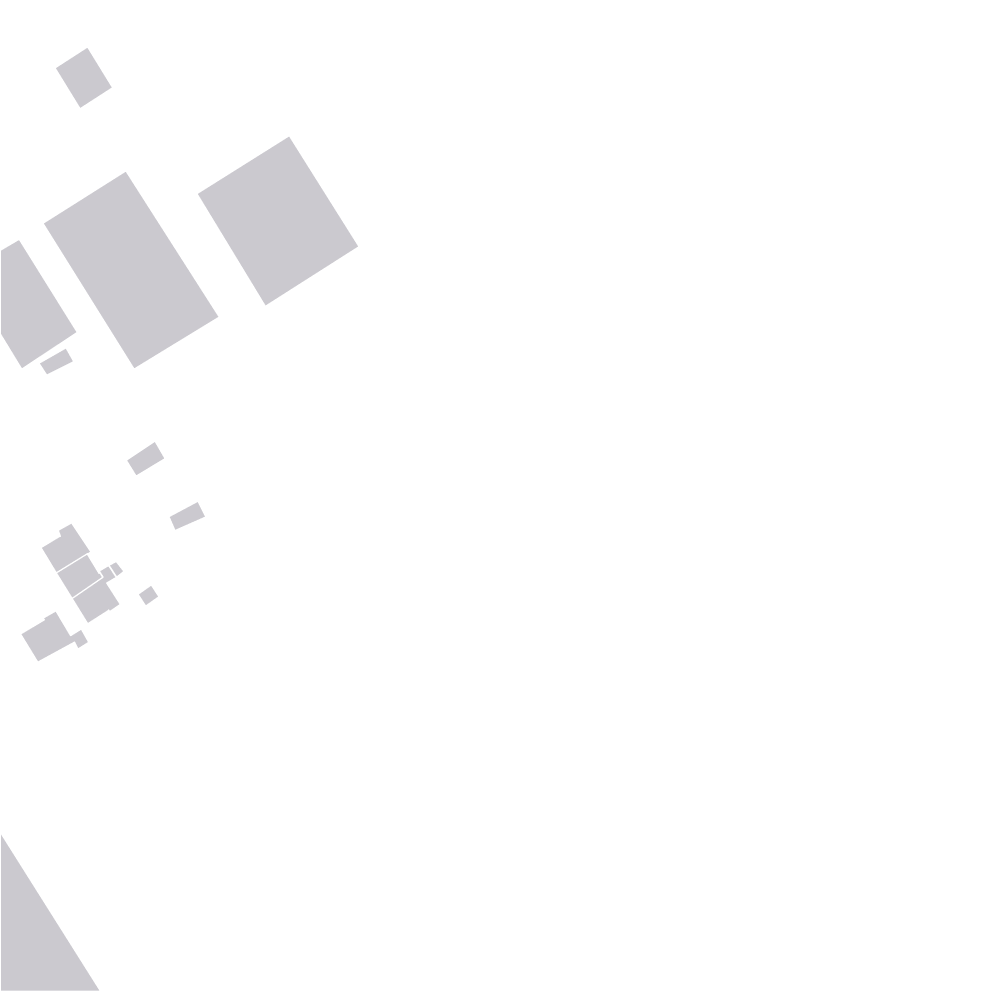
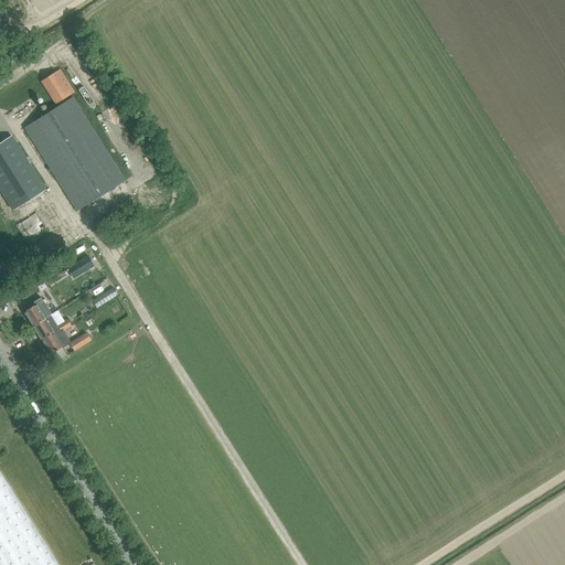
building: [55,47,113,109] -> [41,68,74,104]
building: [197,136,359,306] -> none
building: [20,611,89,662] -> none

